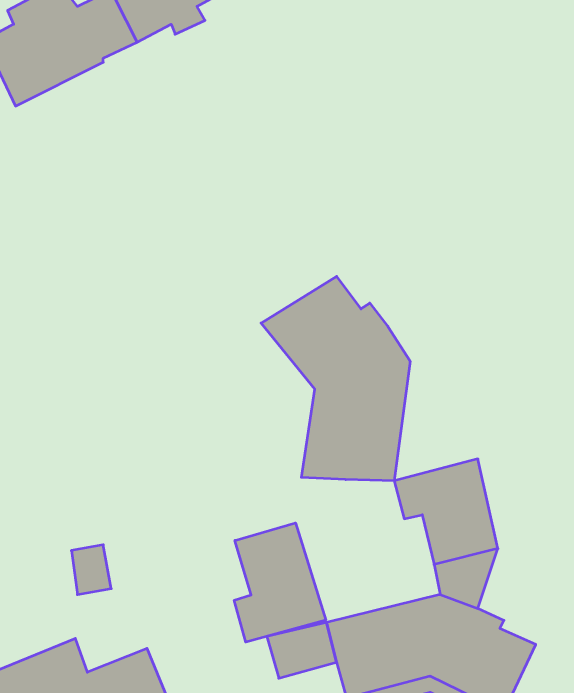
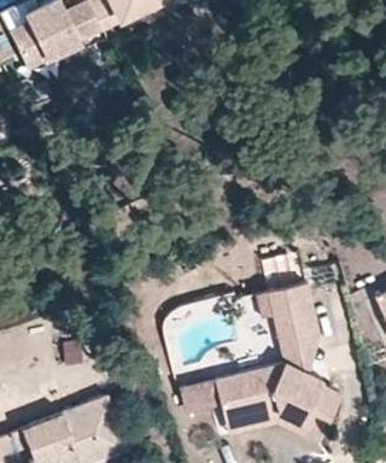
building: [261,276,410,481] -> none
building: [234,523,326,642] -> none

